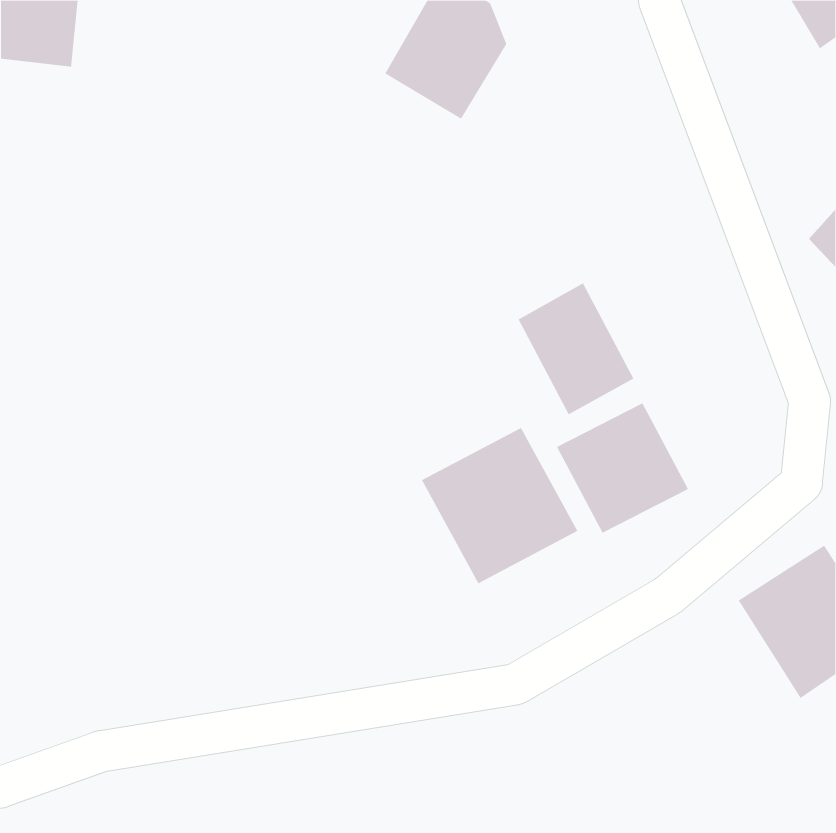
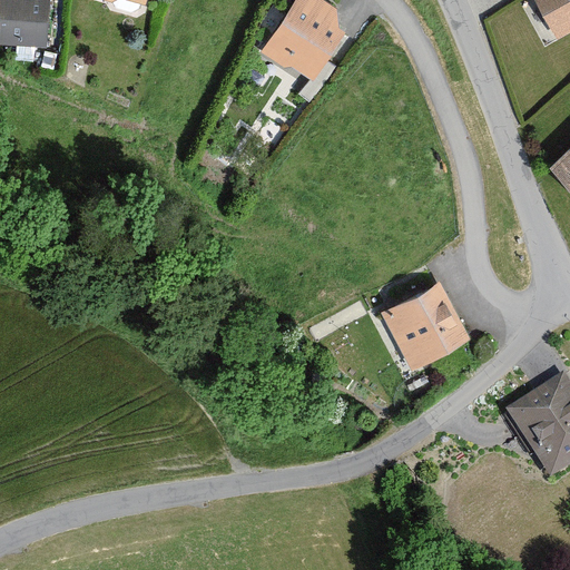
building: [518,283,634,415] -> none
building: [421,427,578,584] -> none

